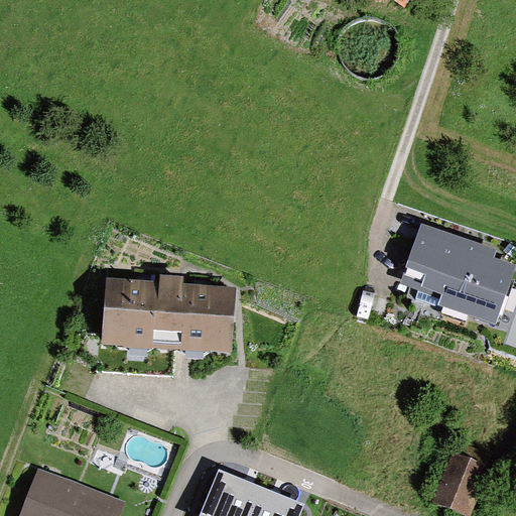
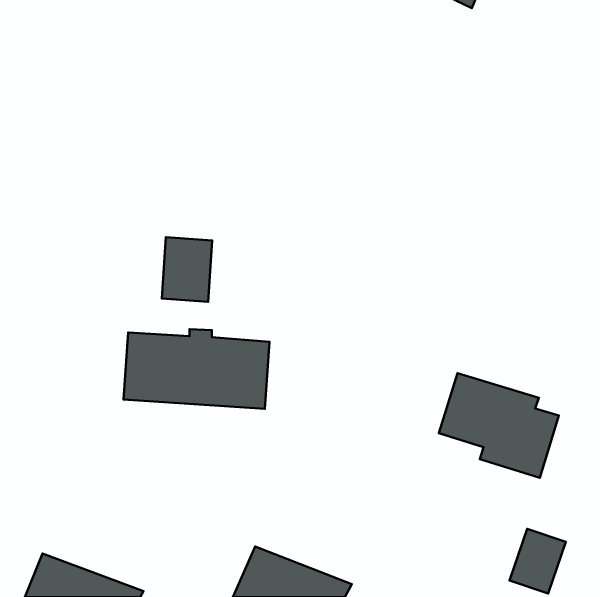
building: none -> [162,237,212,302]
building: [406,232,509,321] -> [439,373,559,478]

